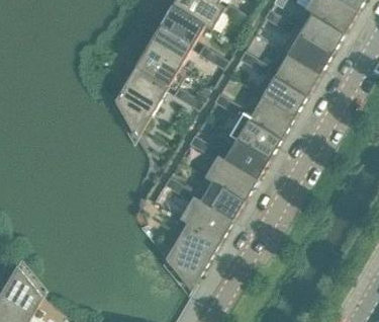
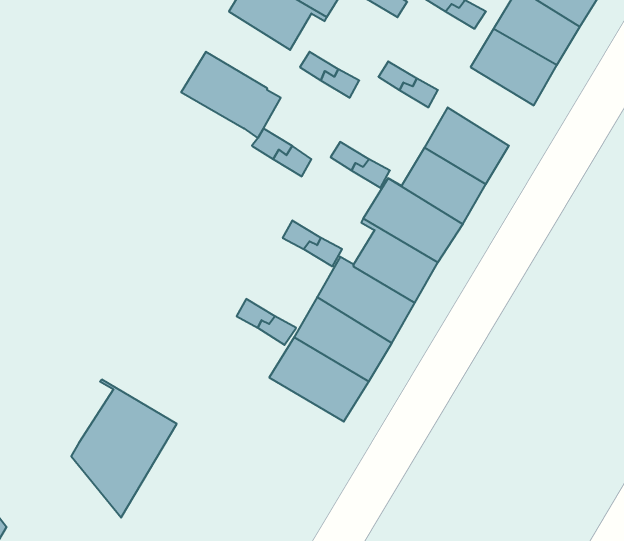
building: [147,25,191,66] -> none
building: [274,55,319,96] -> none
building: [113,68,167,141] -> none
building: [164,219,219,292] -> [71,380,177,518]

